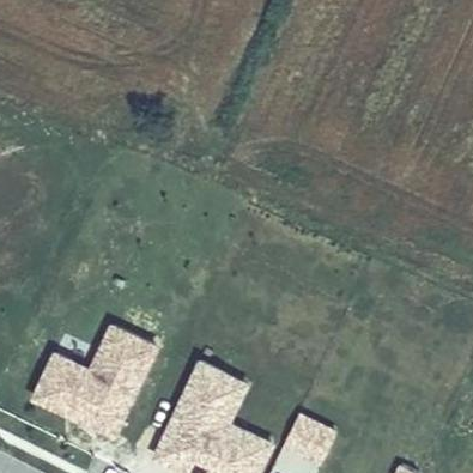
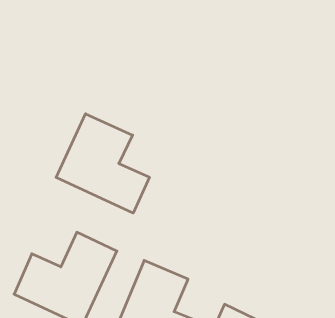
building: none -> [56,114,149,213]

